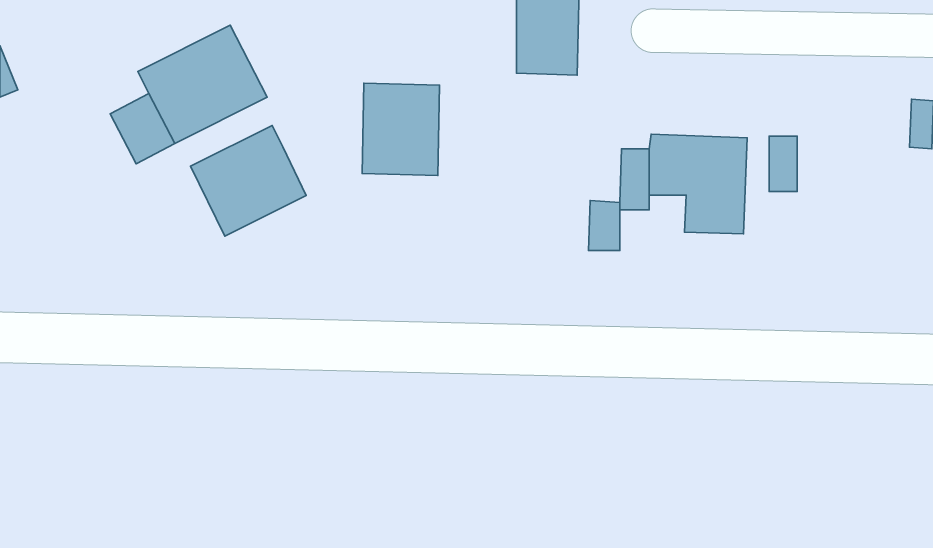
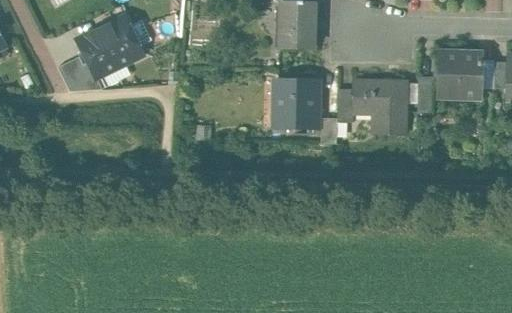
building: none -> [437,50,482,96]
building: [362,83,440,175] -> [275,77,317,127]
building: [191,125,306,236] -> none

